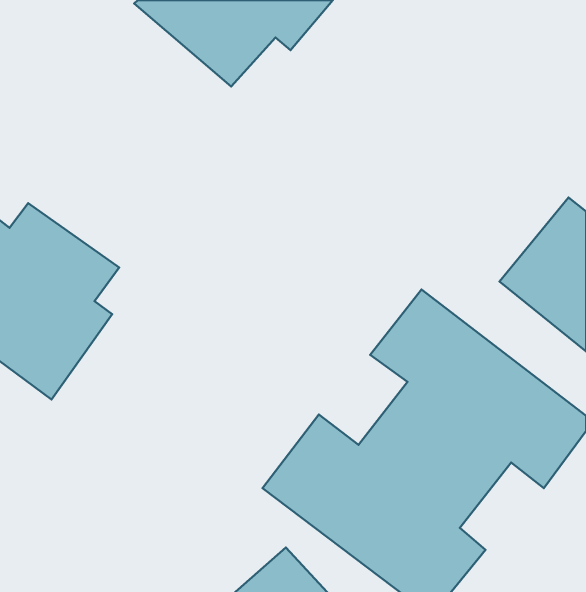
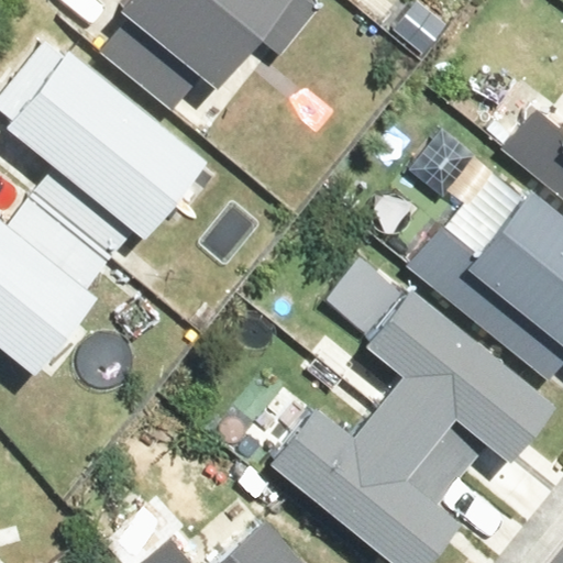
building: none -> [7,41,208,256]

